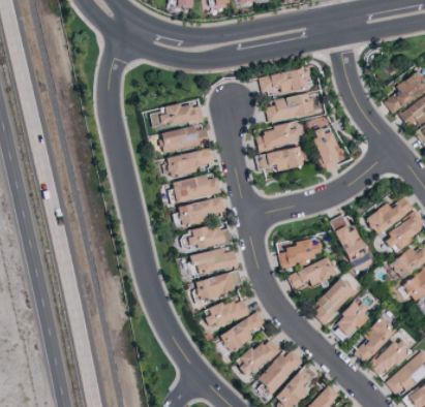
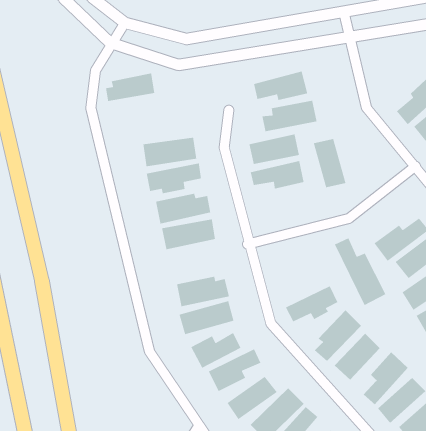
building: [159,101,204,127] -> [105,73,155,102]
building: [186,223,231,250] -> none
building: [279,239,322,268] -> none

